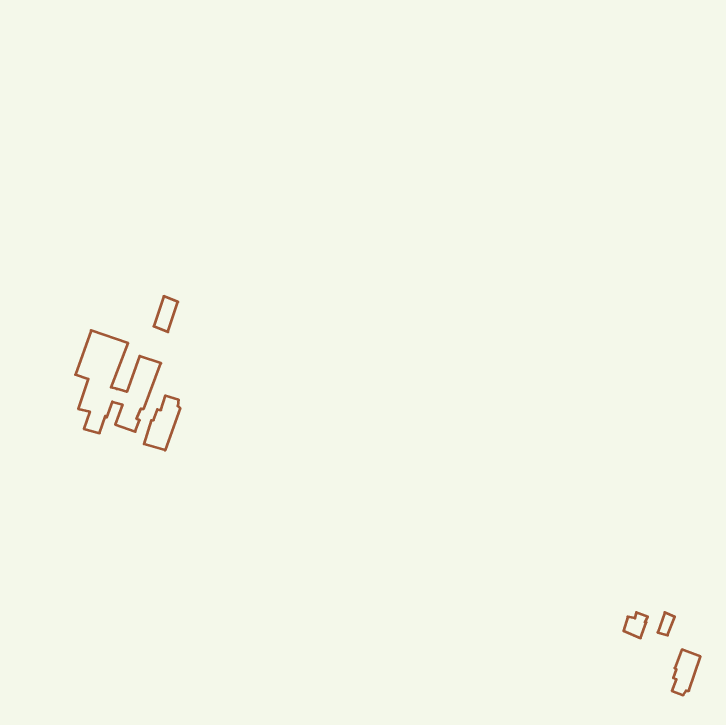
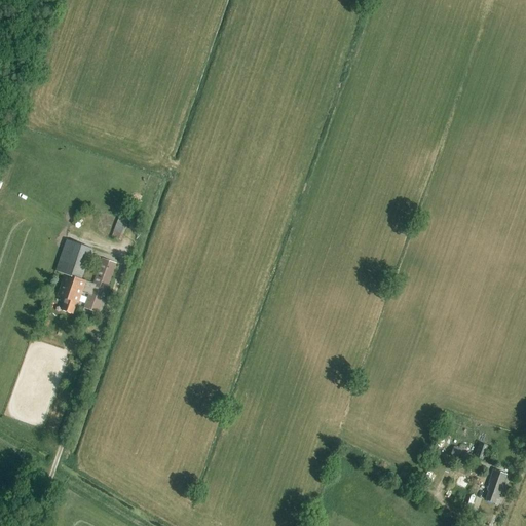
building: [144,396,180,450] -> none

